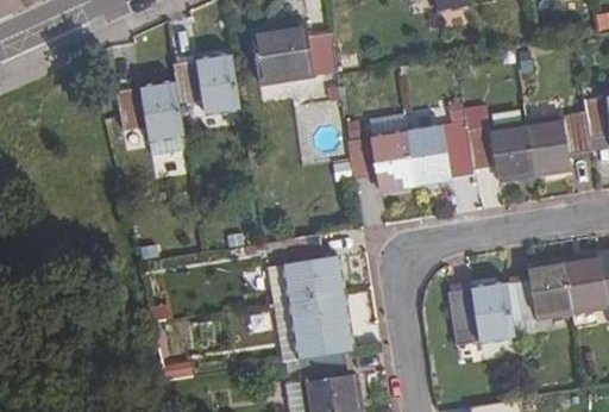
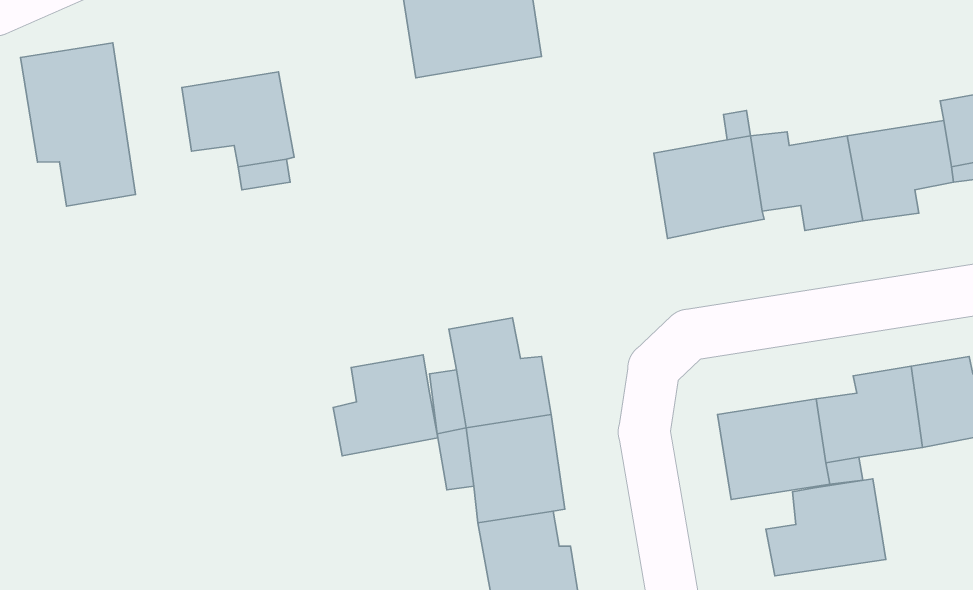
building: [174,54,243,113] -> none
building: none -> [21,43,136,206]
building: [349,132,415,189] -> none
building: none -> [333,355,438,456]
building: none -> [766,479,886,576]

